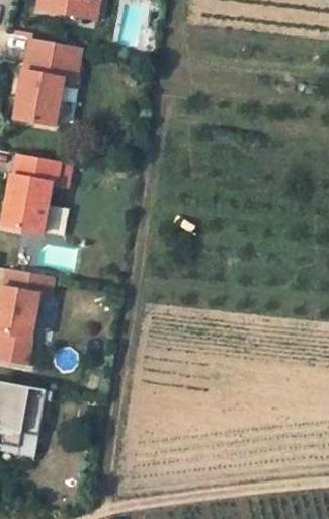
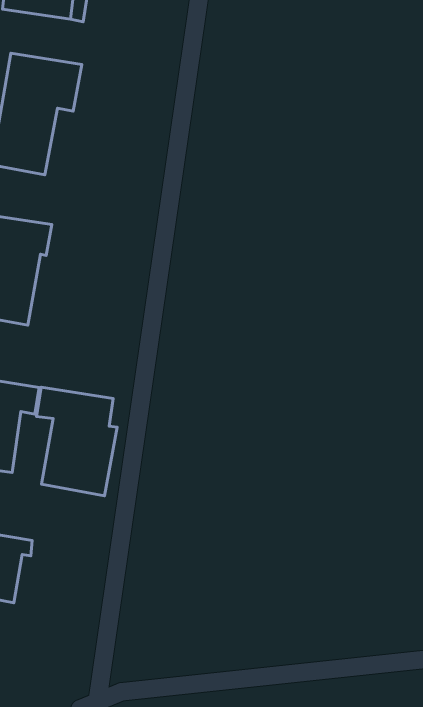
building: none -> [37,387,117,496]

